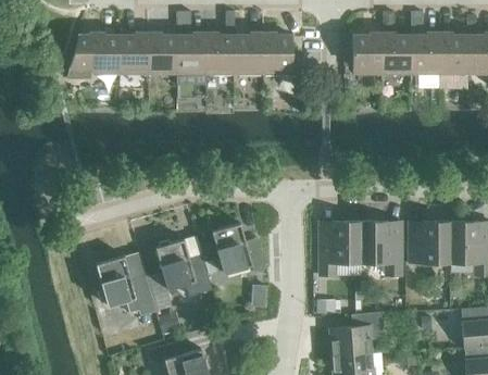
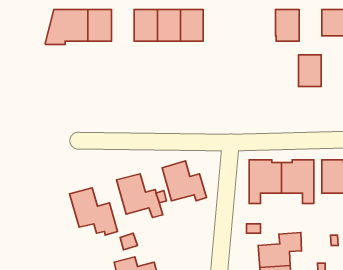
building: [149,35,177,74] -> none
building: [263,35,292,74] -> none
building: [383,35,411,74] -> [299,55,321,86]

